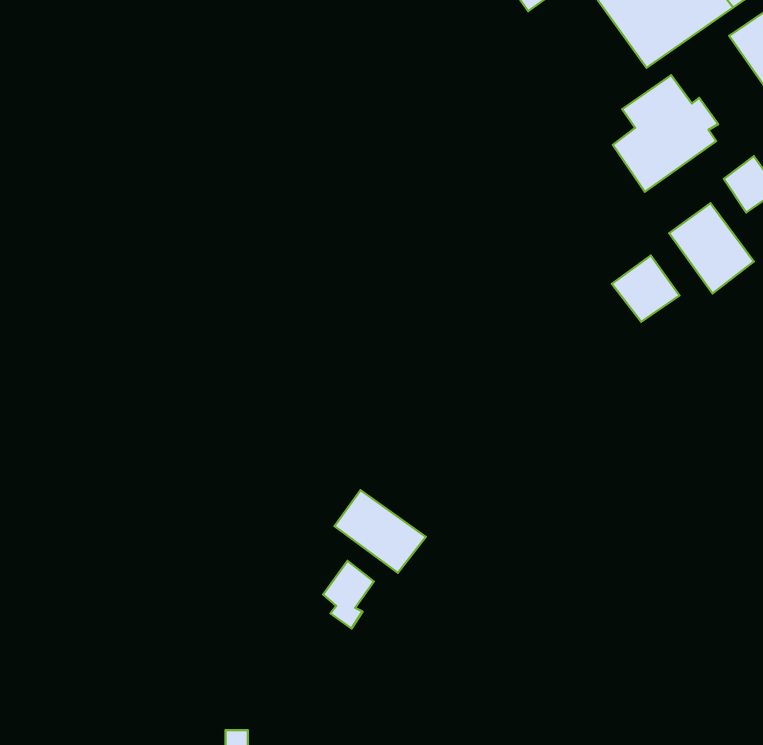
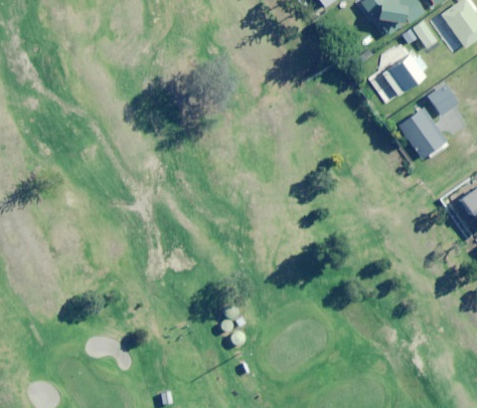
building: none -> [404,19,437,48]
building: [612,255,679,322] -> none
building: [335,490,426,573] -> none

